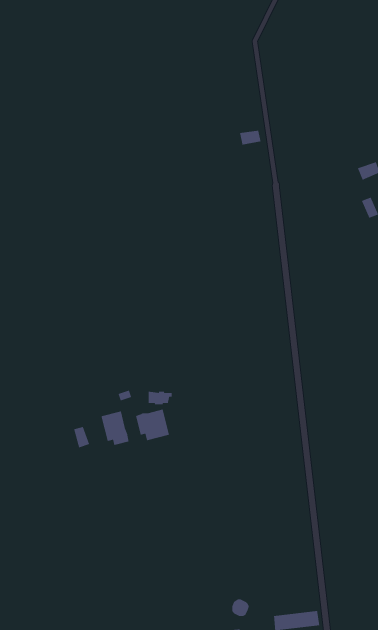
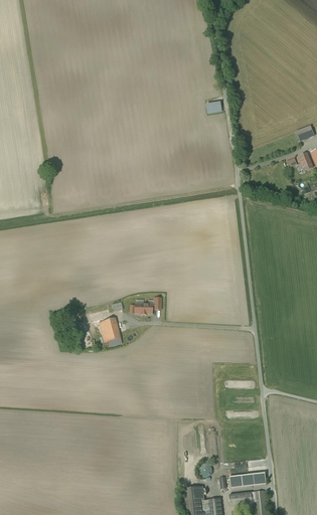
building: [135,408,170,441] -> none

